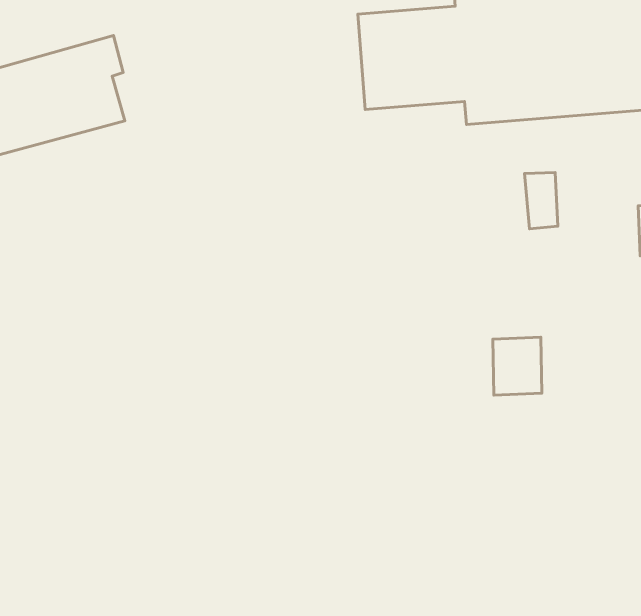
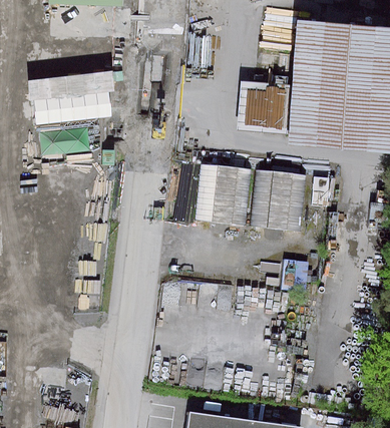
building: none -> [251,169,306,231]
building: none -> [197,162,251,225]

